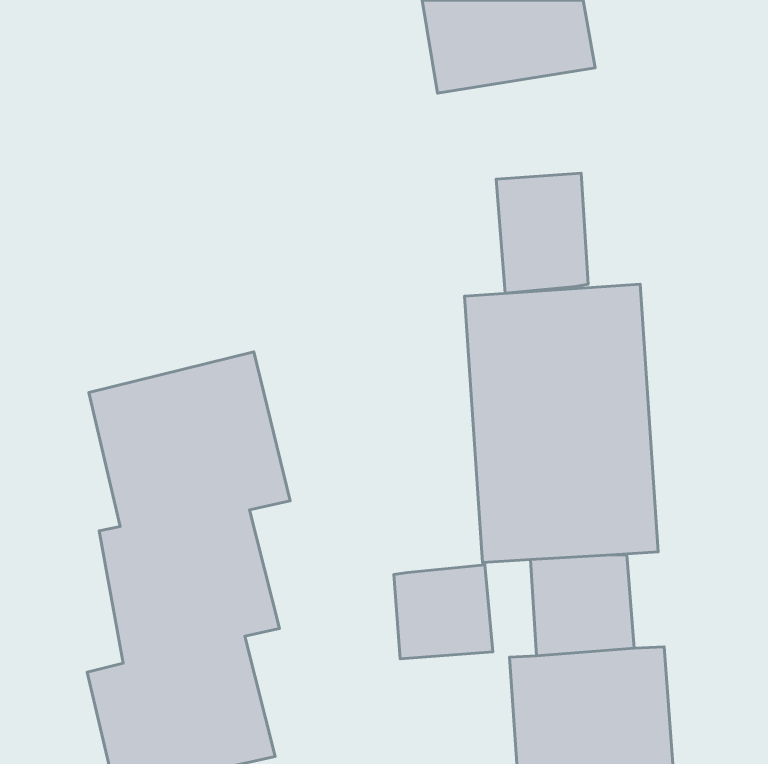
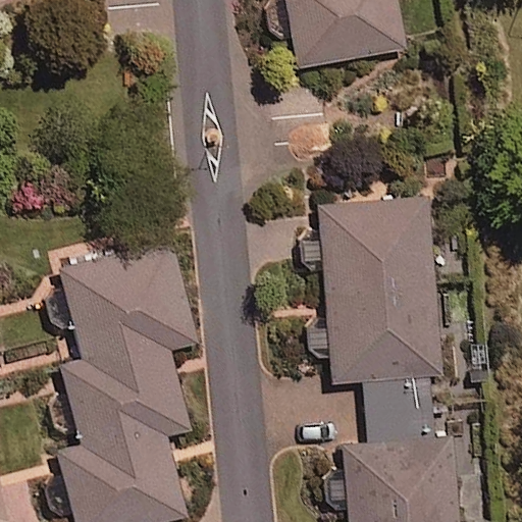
building: [496,173,588,293] -> none
building: [394,565,493,659] -> none

